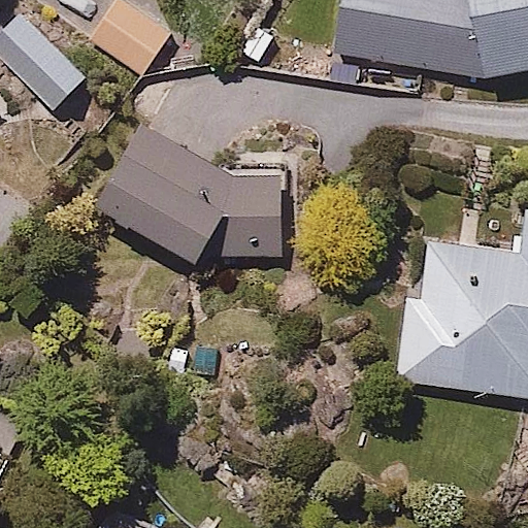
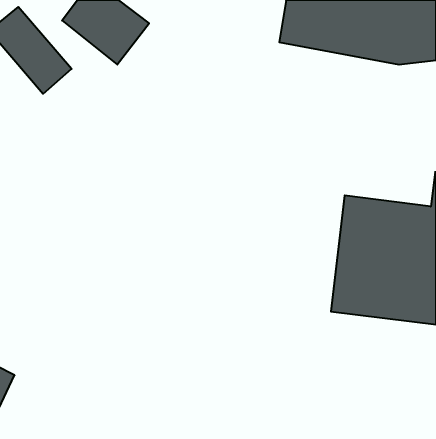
building: [101,124,295,262] -> none

